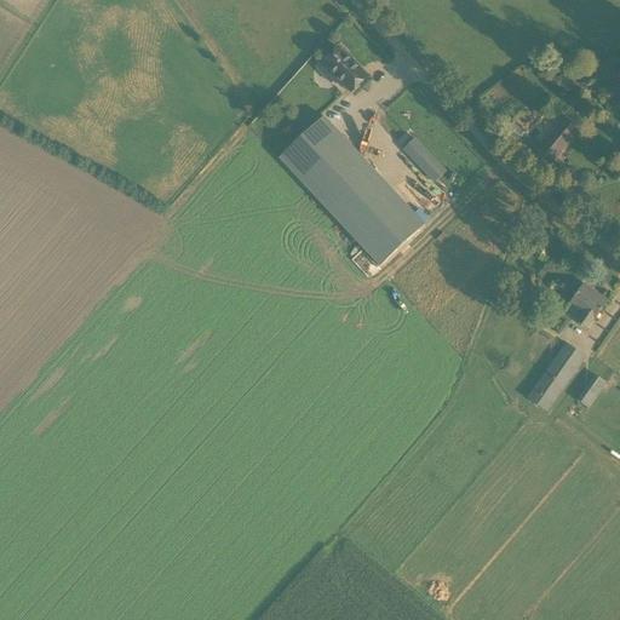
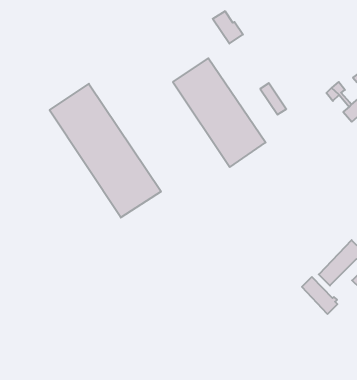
building: none -> [50,84,161,218]
building: none -> [302,277,337,314]

